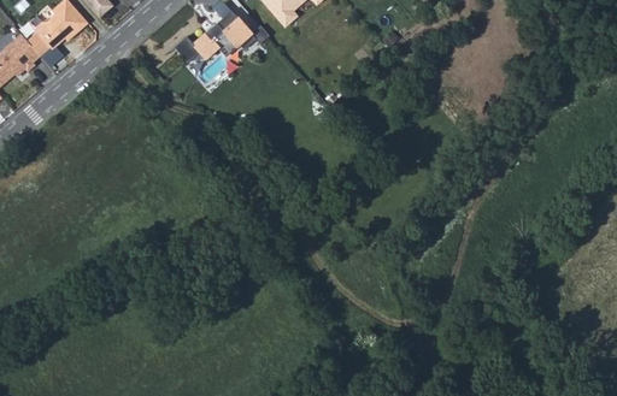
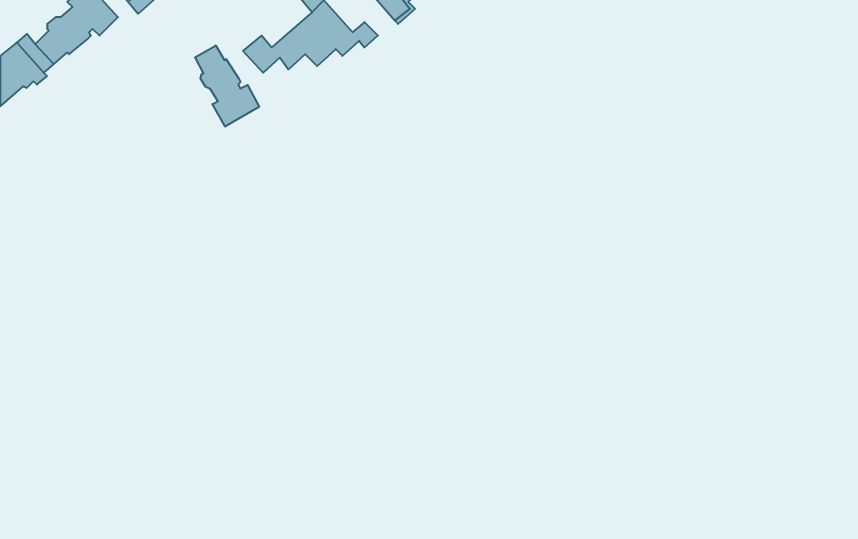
building: none -> [195,45,259,127]

